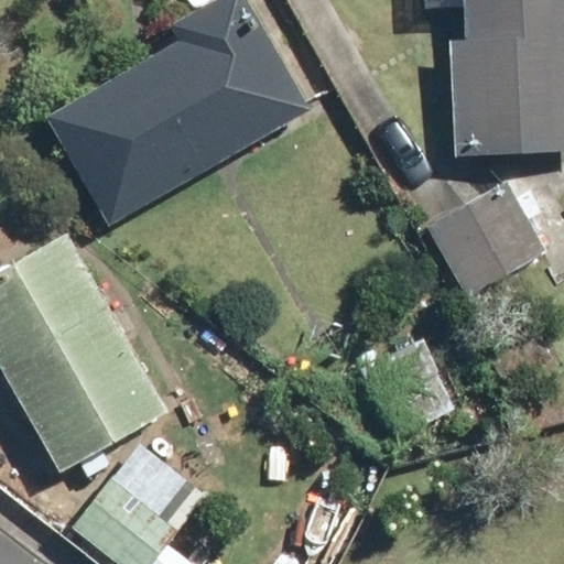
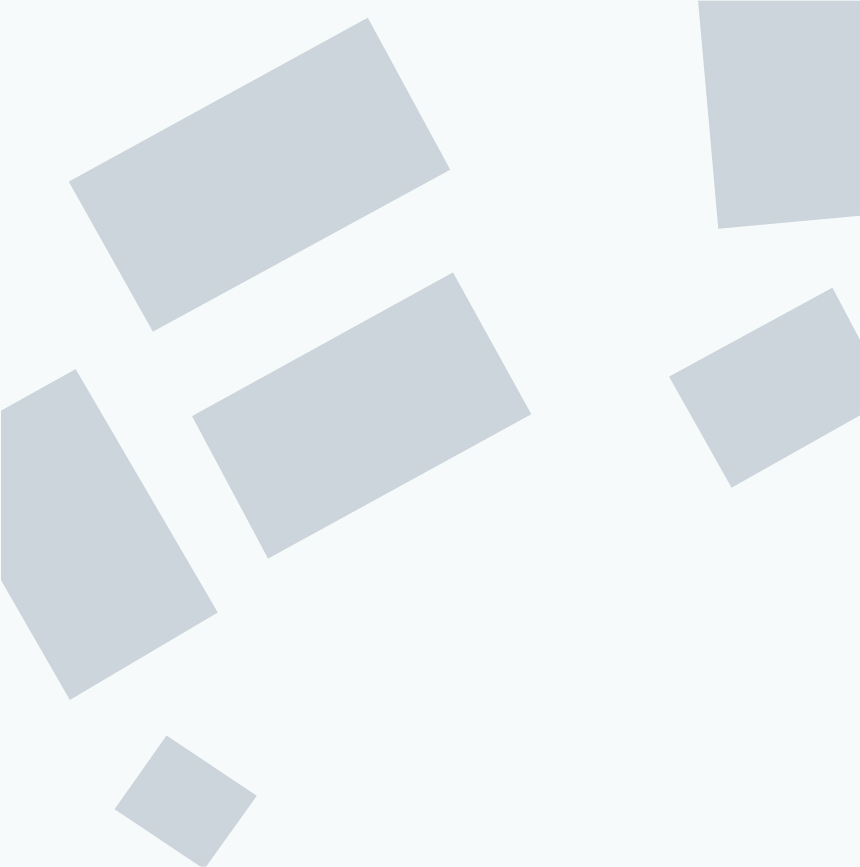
building: none -> [191,272,532,559]

